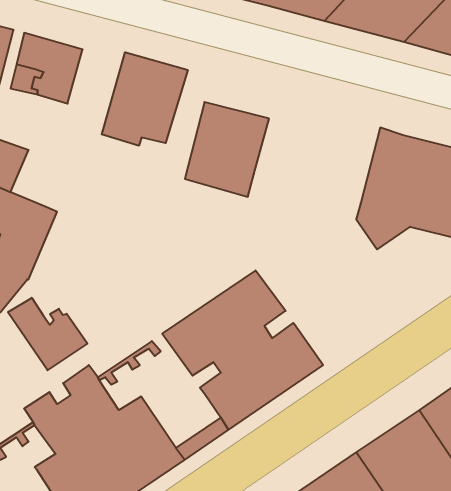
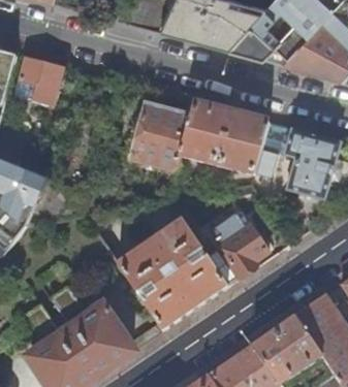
building: [102,52,188,146] -> none
building: none -> [180,102,266,173]
building: none -> [208,216,266,285]
building: [8,298,87,370] -> none

